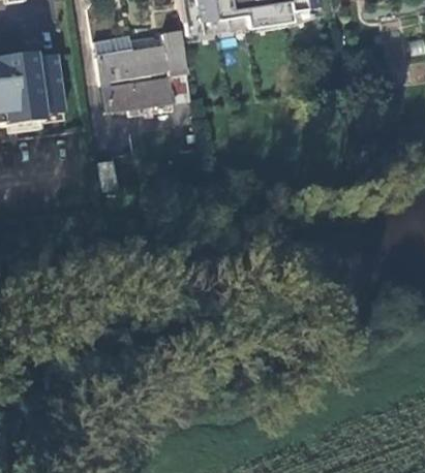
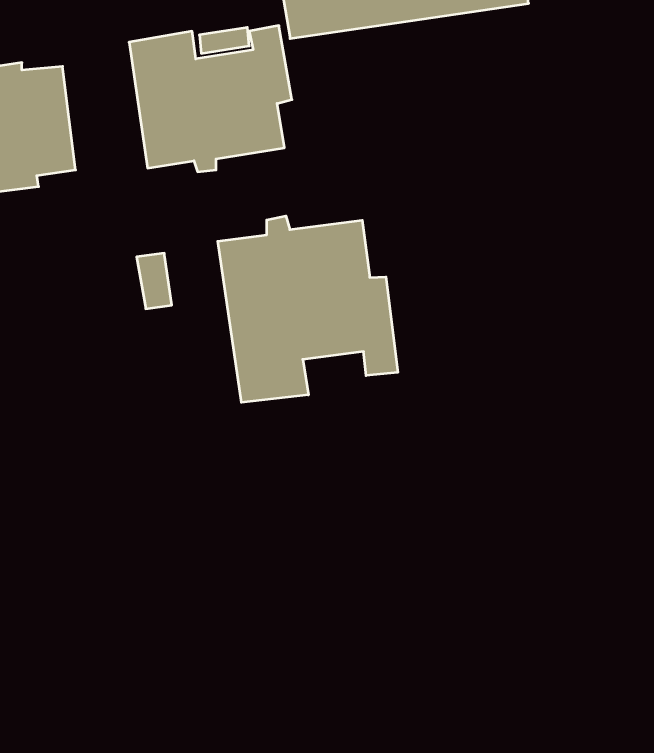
building: none -> [218,216,398,402]

